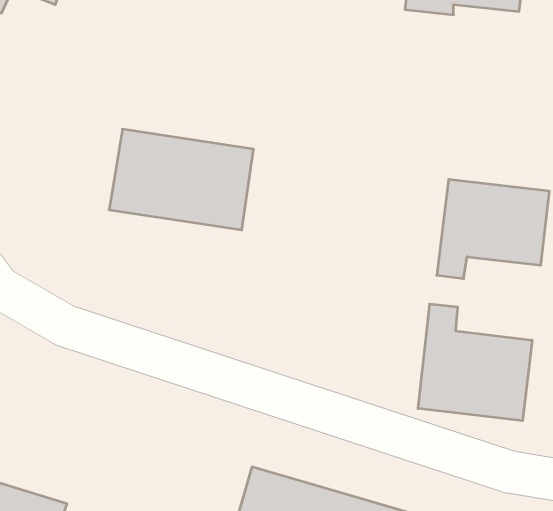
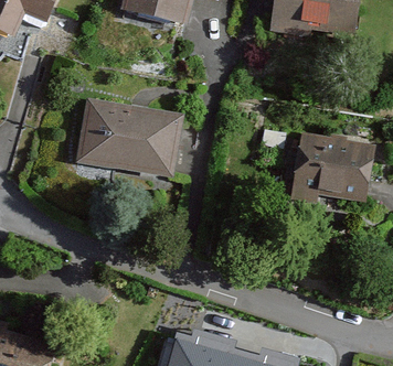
building: [418,304,532,421] -> none

